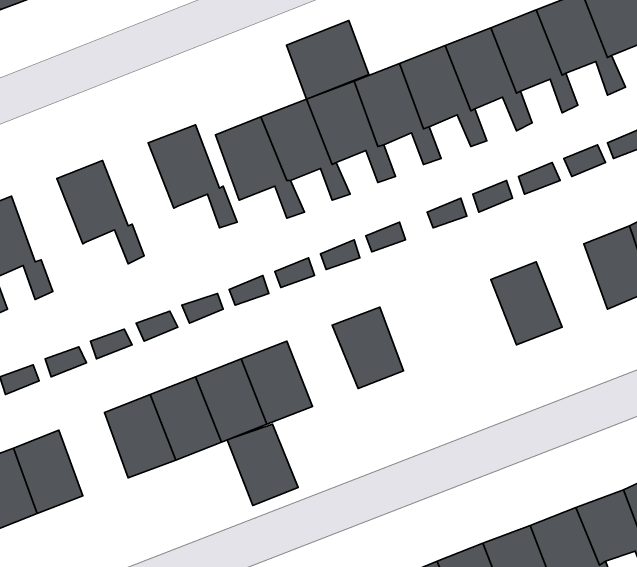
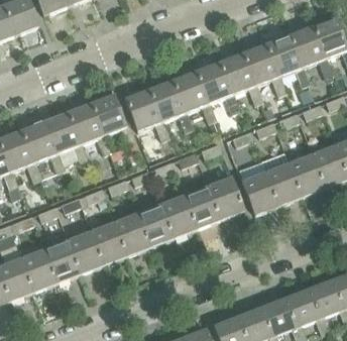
building: [287,20,369,99] -> none
building: none -> [68,102,113,154]
building: none -> [21,120,66,173]
building: none -> [288,153,325,196]
building: none -> [242,172,278,214]
building: none -> [209,177,244,218]
building: none -> [45,239,81,281]
building: [227,424,298,505] -> [161,195,198,236]

